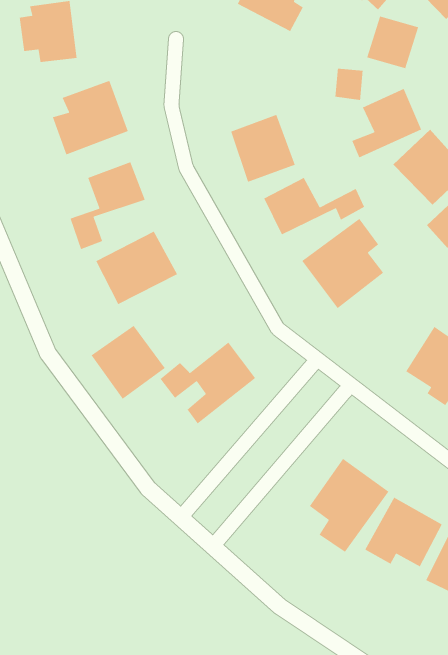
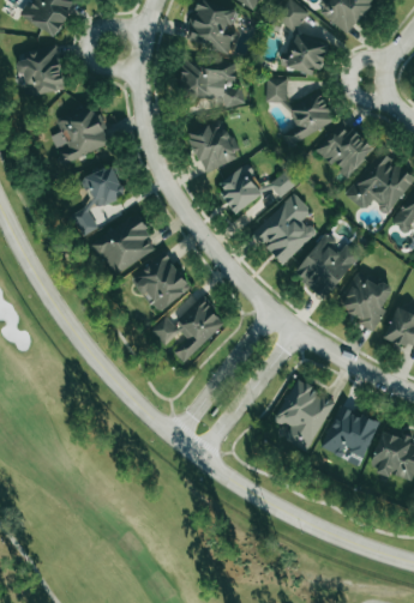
building: none -> [181,59,244,105]
building: none -> [294,236,361,299]
building: [91,325,166,400] -> [133,255,192,314]

